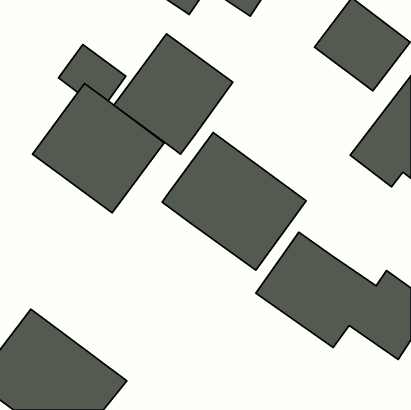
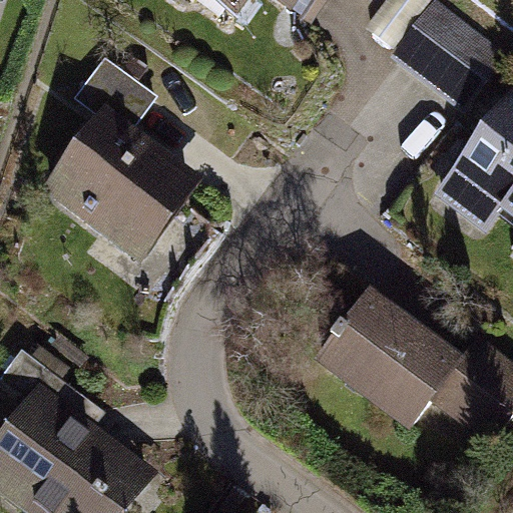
building: [114,34,233,154] -> none
building: [162,133,306,270] -> none

